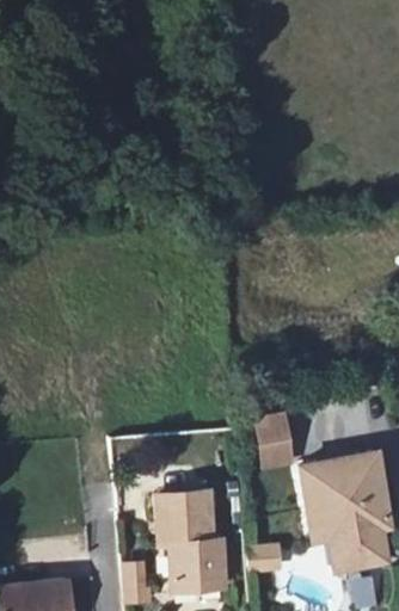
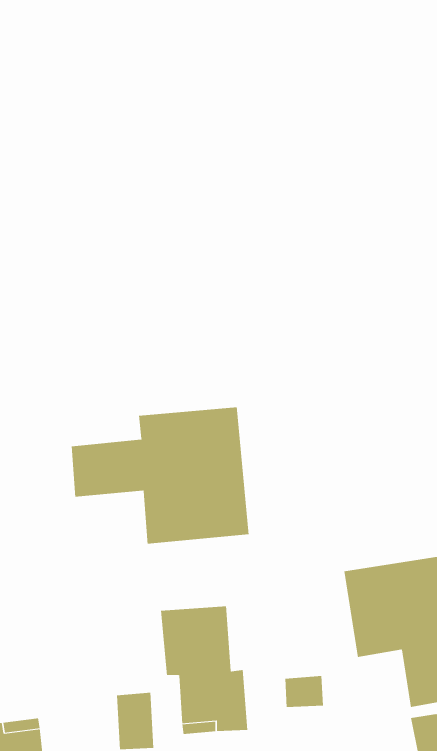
building: none -> [71,407,249,544]
building: [253,412,296,470] -> none

